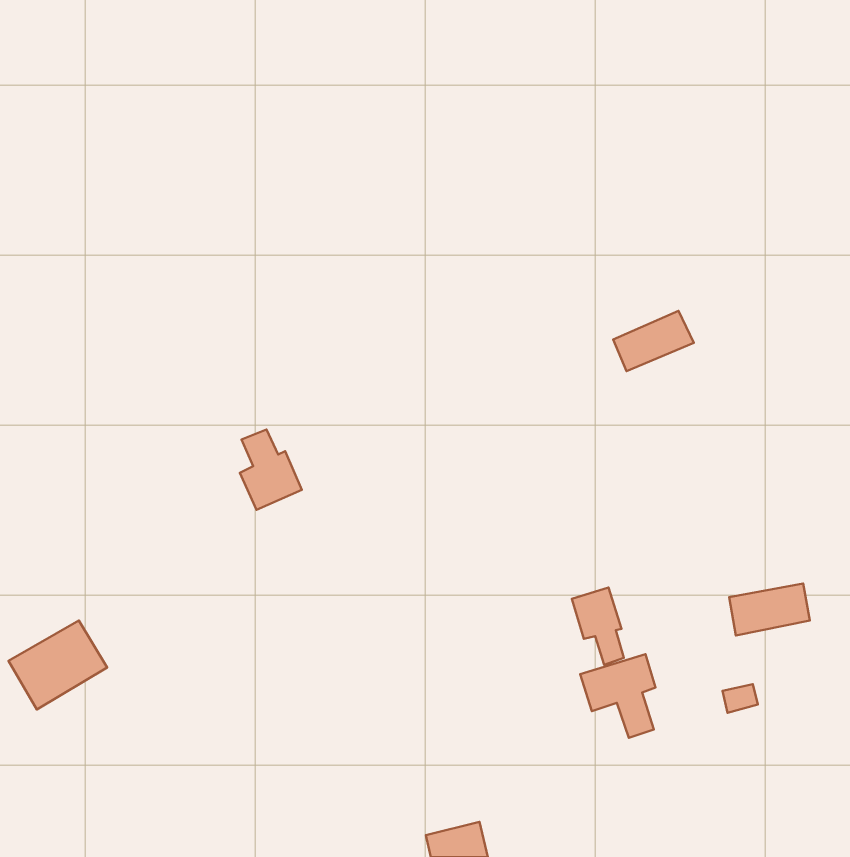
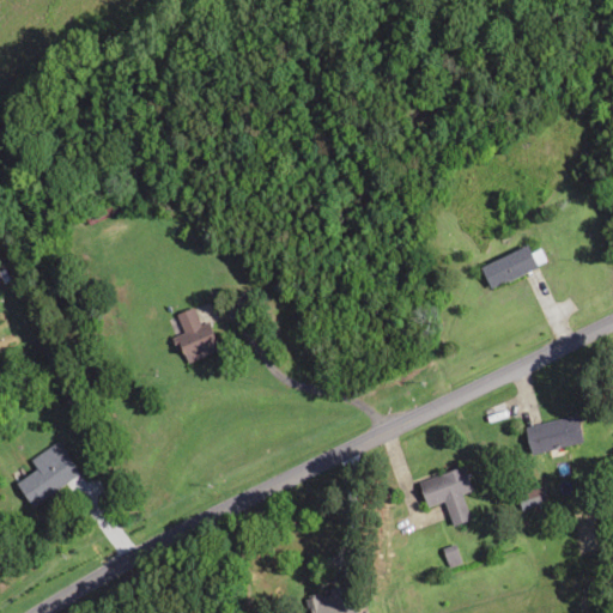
building: [613,311,694,371] -> [481,245,539,289]
building: [572,587,624,665] -> none

